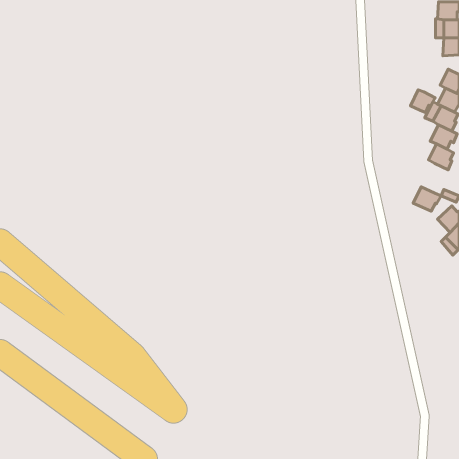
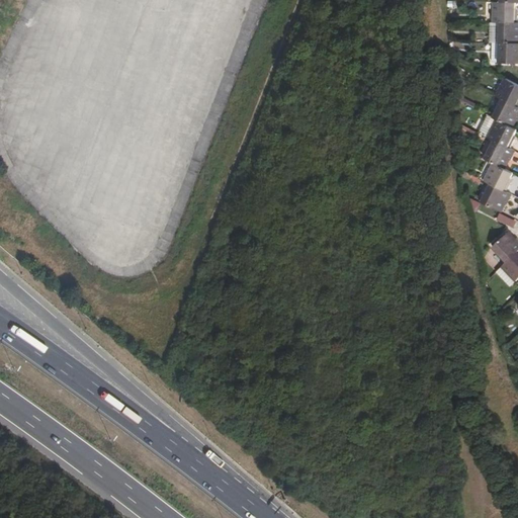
building: [411,90,435,112] -> none
building: [413,187,441,211] -> [481,184,512,211]

